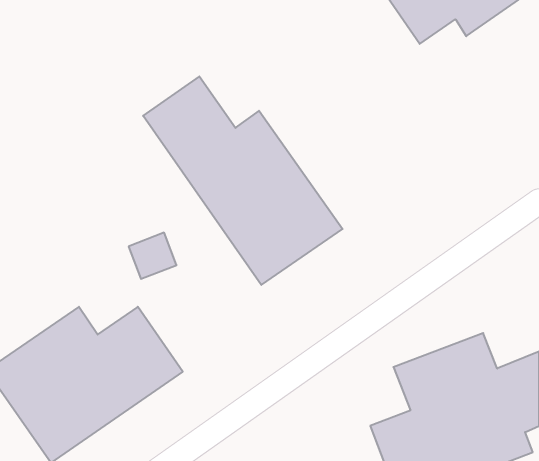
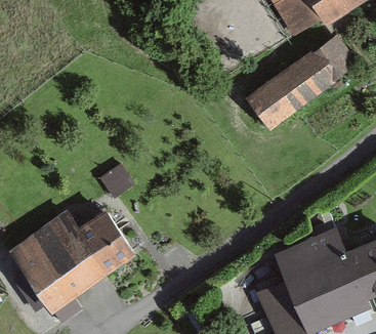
building: none -> [249,36,359,128]
building: [143,76,343,285] -> none

